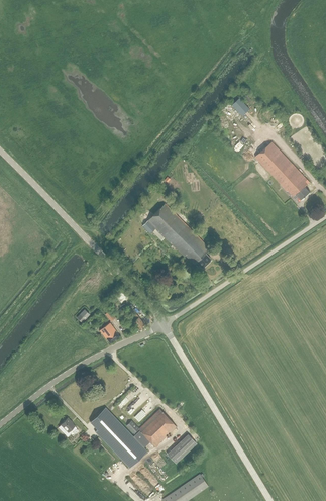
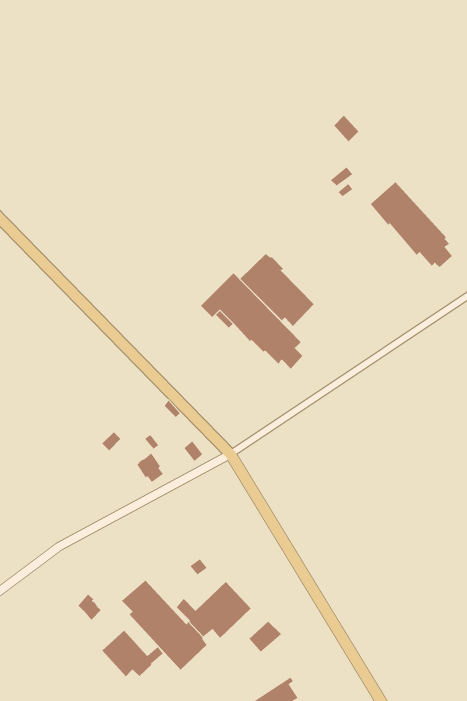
building: none -> [239,253,315,327]
building: none -> [102,630,163,677]

